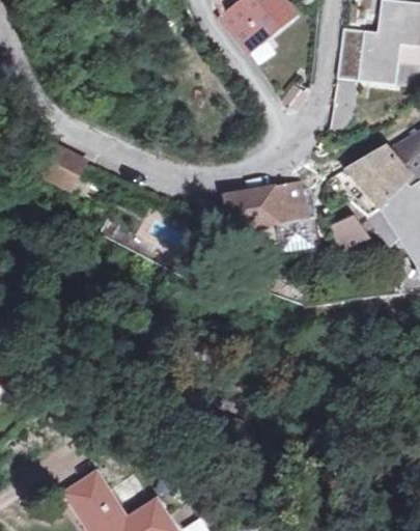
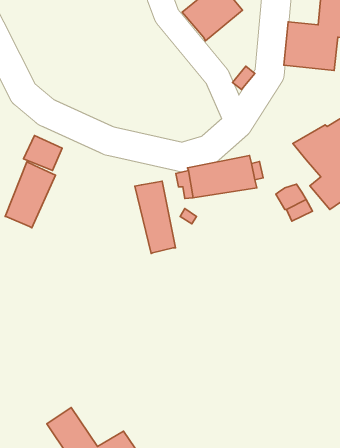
building: none -> [5,162,55,228]
building: none -> [135,181,176,254]

